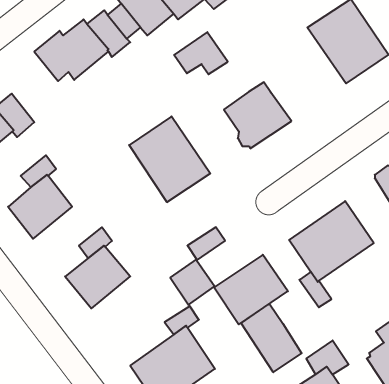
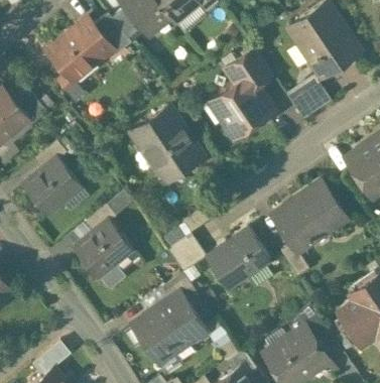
building: [174,32,228,74] -> [225,48,272,86]
building: none -> [288,81,330,120]
building: [241,304,302,372] -> none

